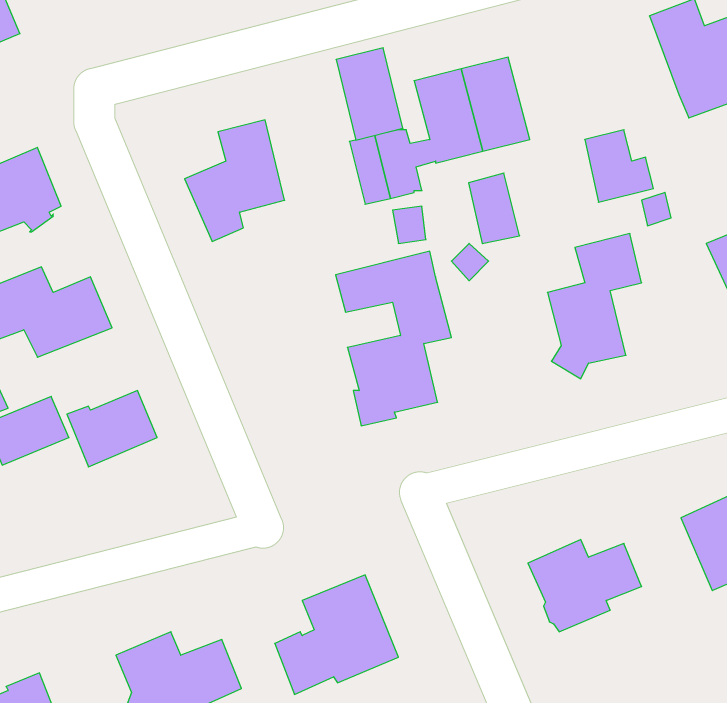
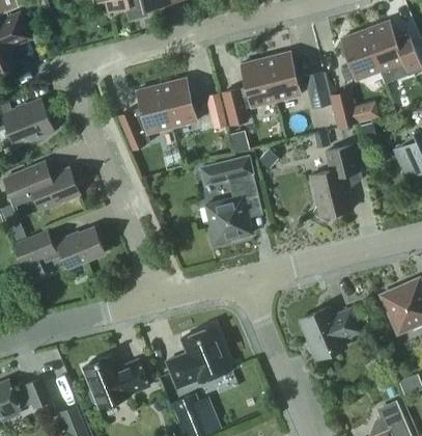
building: none -> [341,29,381,81]
building: [336,48,403,140] -> [162,78,197,127]
building: [469,173,520,244] -> [305,72,332,109]

